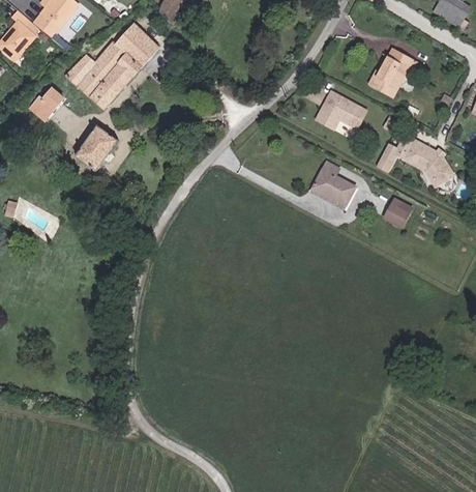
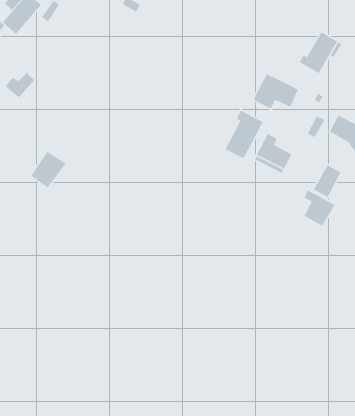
building: [66,25,153,108] -> none
building: [72,127,115,171] -> [30,151,67,188]
building: none -> [225,110,264,159]
building: none -> [303,189,336,227]

